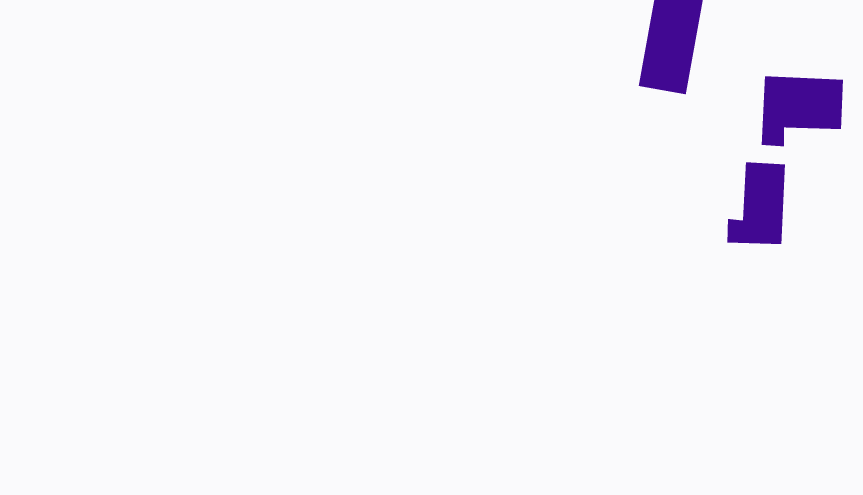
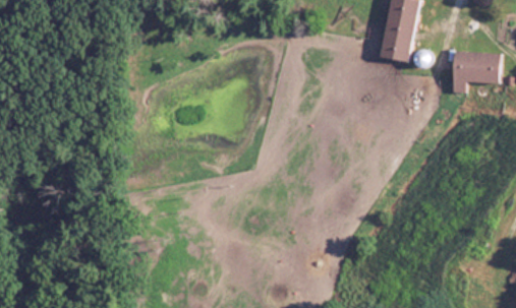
building: [727,162,785,245] -> none

